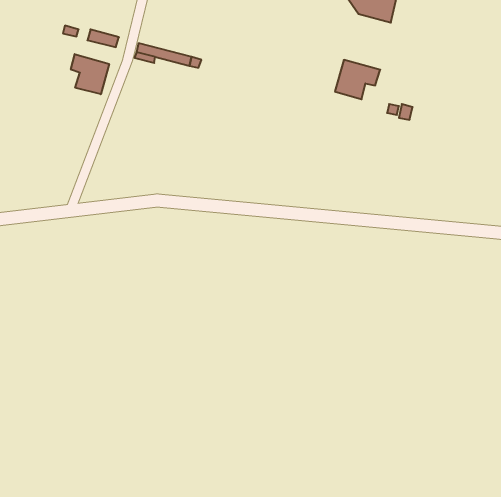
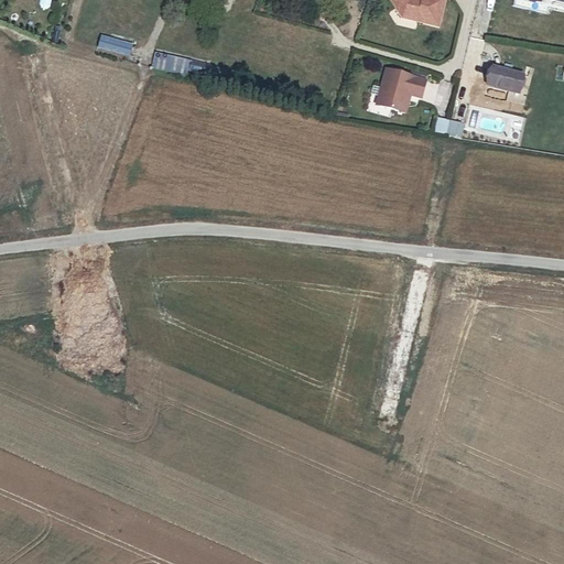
building: [71,54,109,94] -> none
building: none -> [485,63,523,96]

